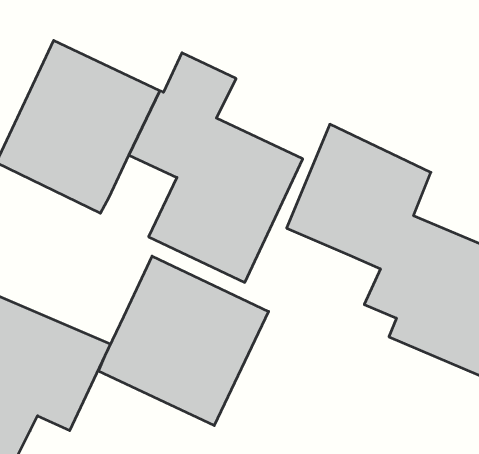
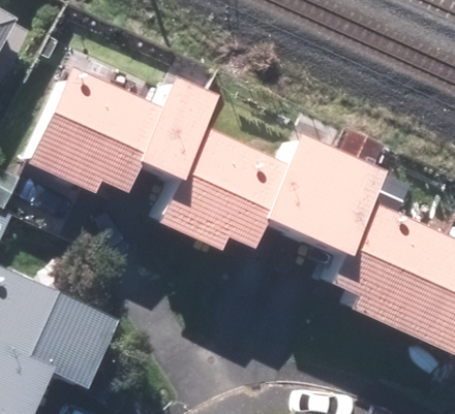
building: [99,256,269,426] -> none

